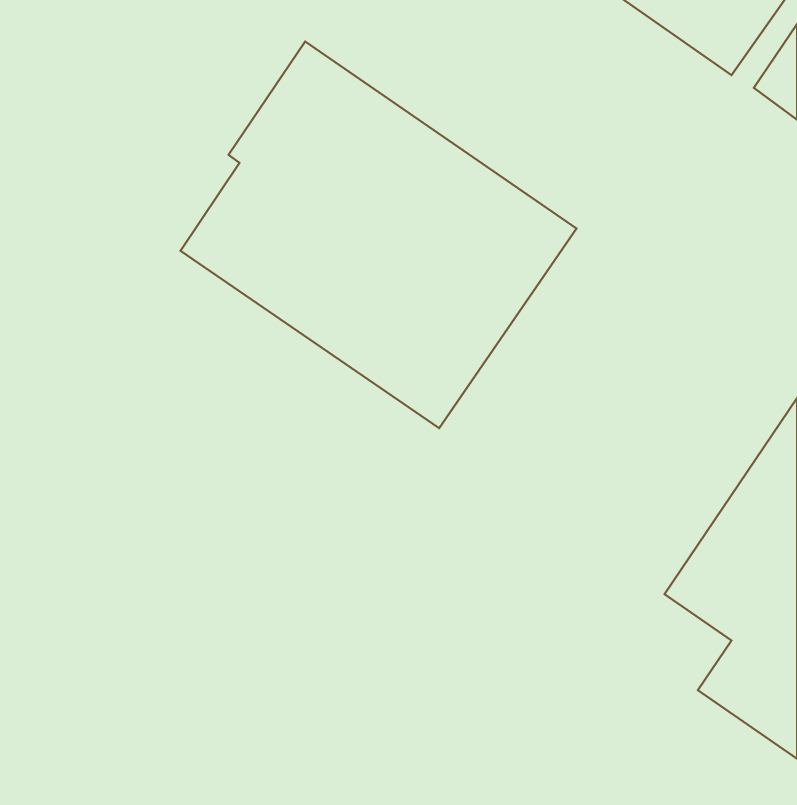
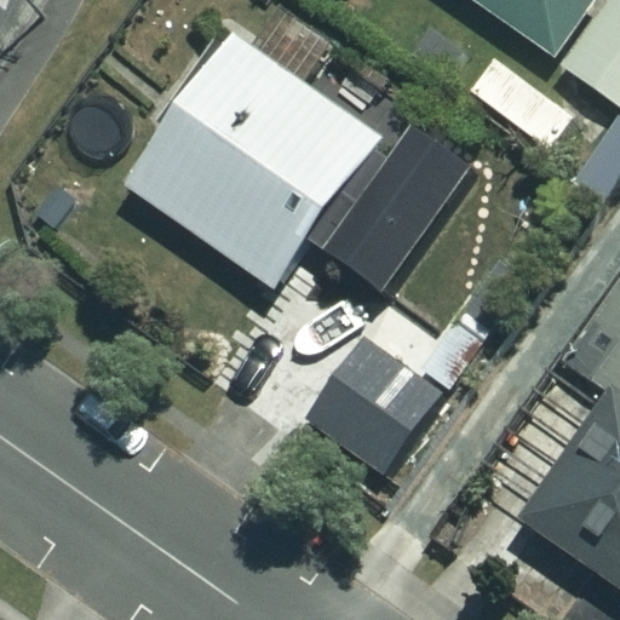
building: none -> [309,323,481,475]

